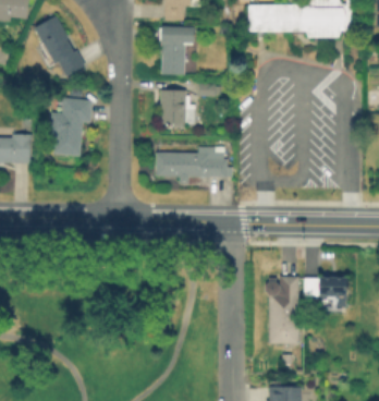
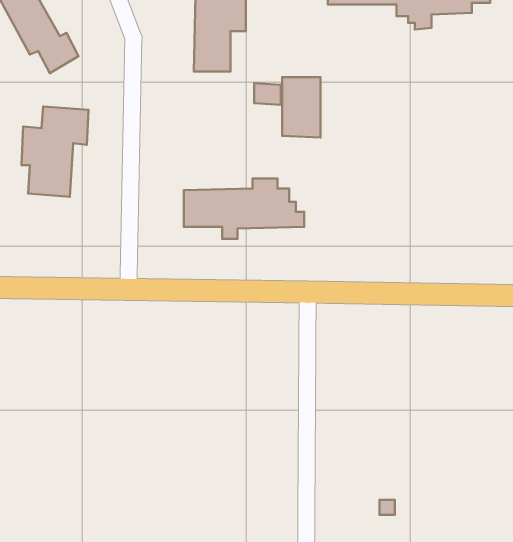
building: [160,89,185,129] -> [282,77,321,137]
building: [268,276,299,343] -> none
building: [304,276,346,308] -> none

